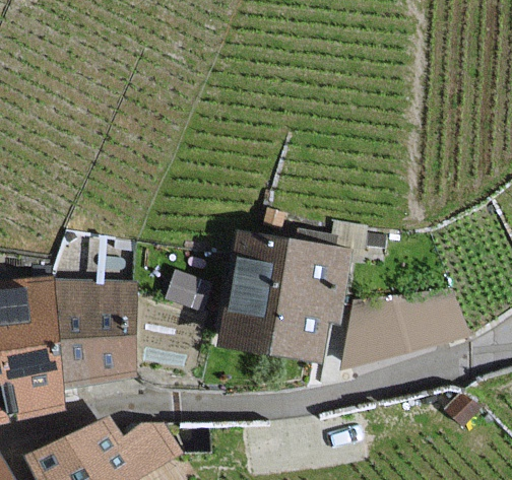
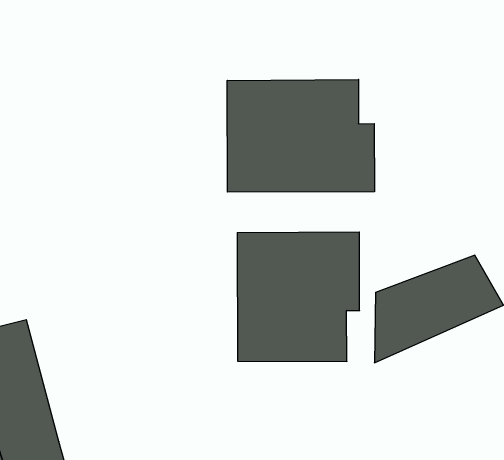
building: none -> [227,79,374,192]
building: [53,278,135,387] -> none

